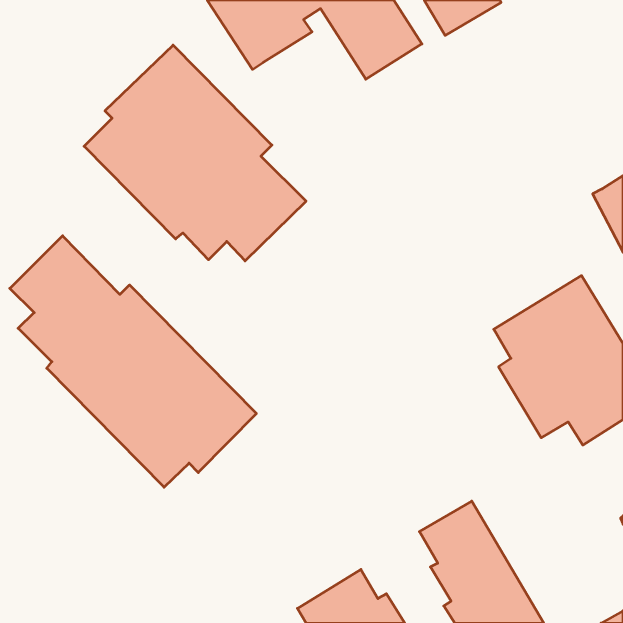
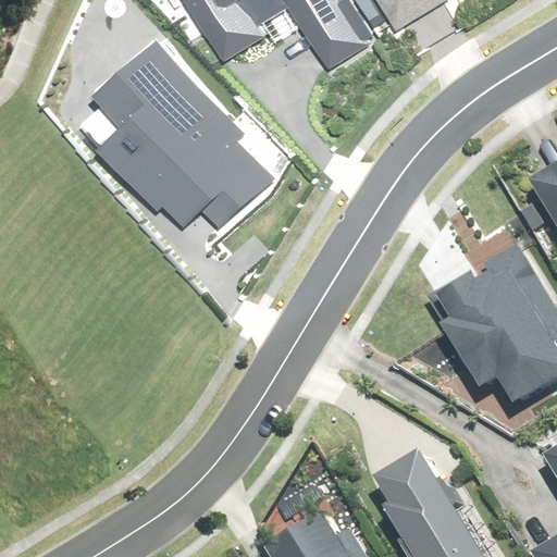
building: [10,236,256,487] -> none

